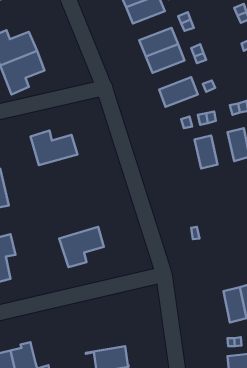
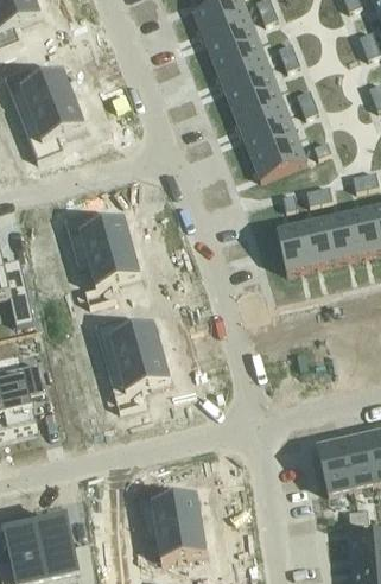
building: none -> [211,37,267,78]
building: none -> [240,108,296,150]
building: none -> [324,211,357,258]
building: none -> [275,222,310,269]
building: none -> [76,243,140,301]
building: none -> [94,315,161,364]
building: none -> [317,440,351,491]
building: none -> [136,482,201,529]

